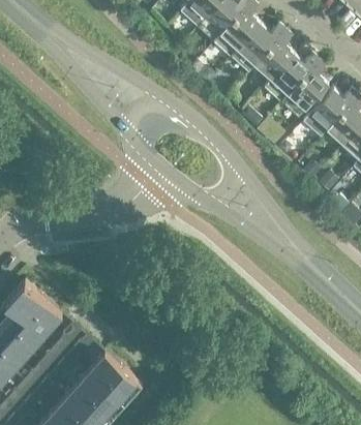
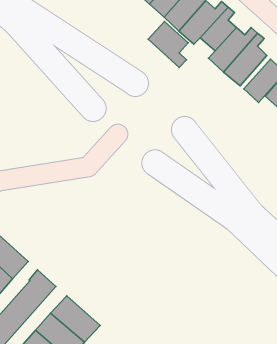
building: none -> [148,22,188,67]

